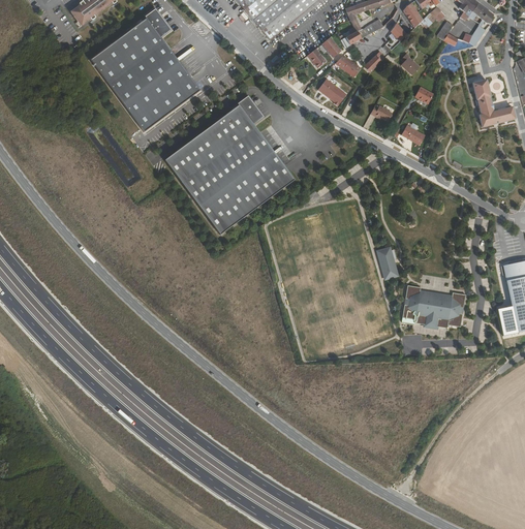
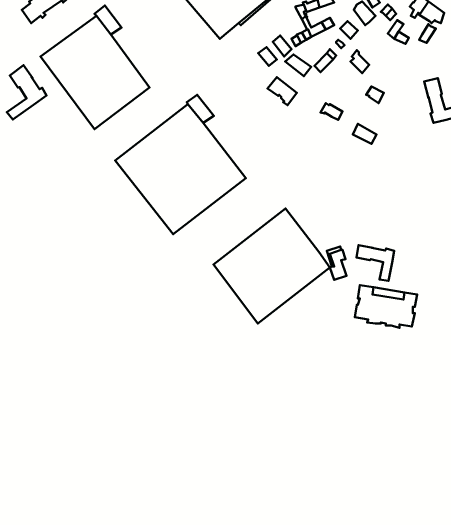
building: none -> [7,65,46,119]
building: none -> [213,208,330,323]
building: none -> [356,245,394,281]

